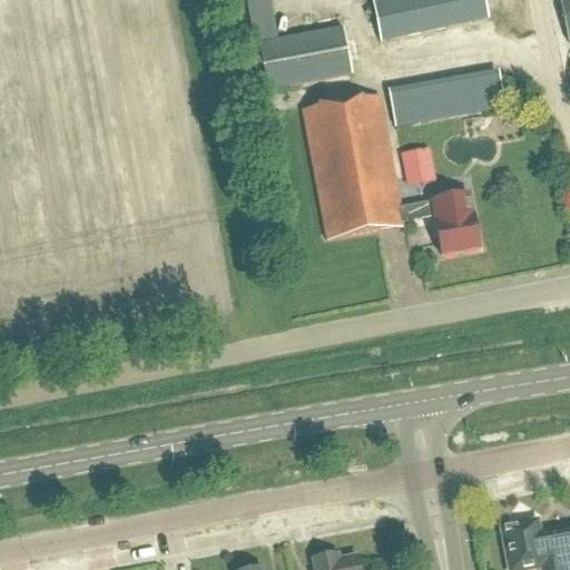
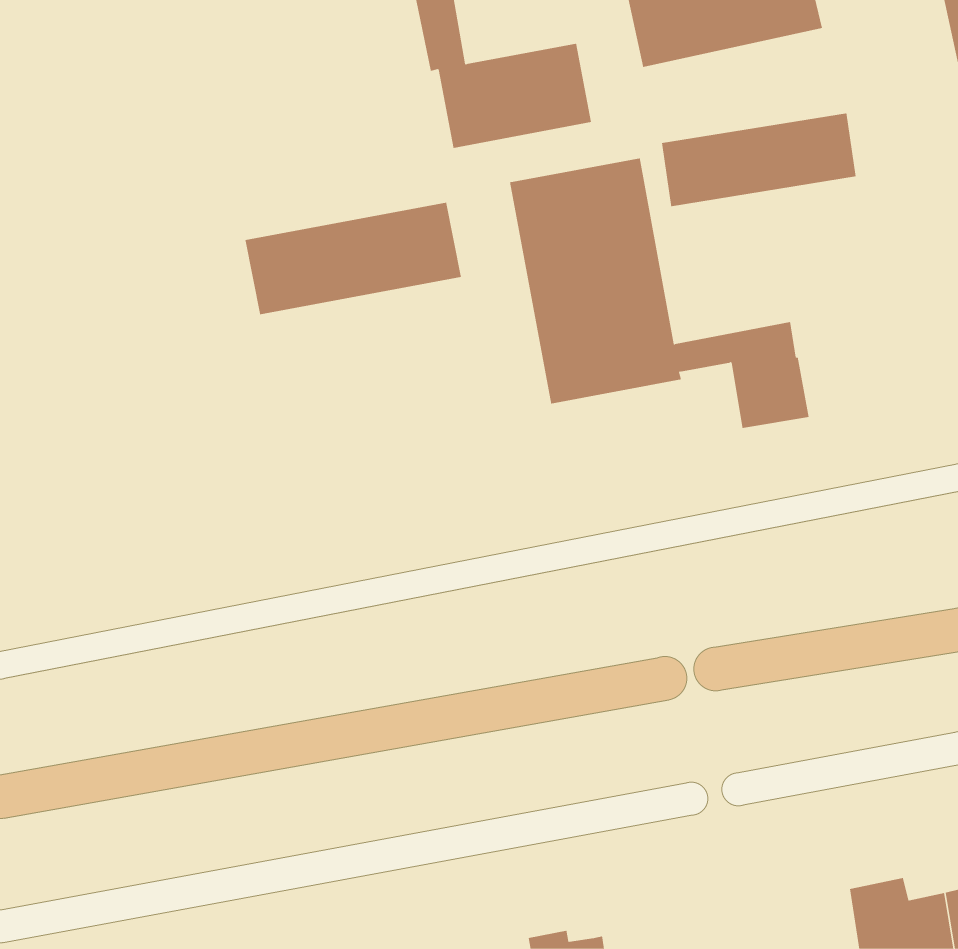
building: none -> [245,202,461,315]
building: [401,147,432,176] -> none

